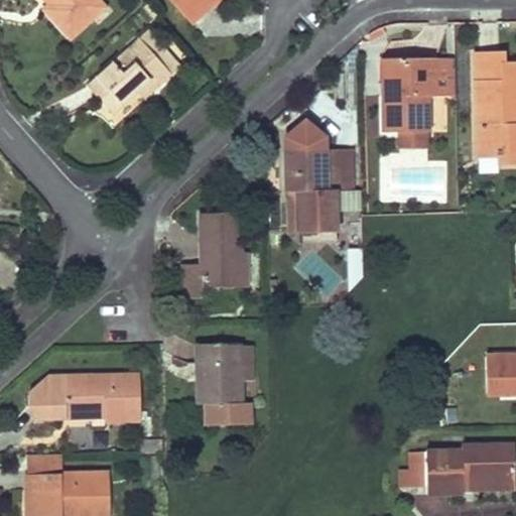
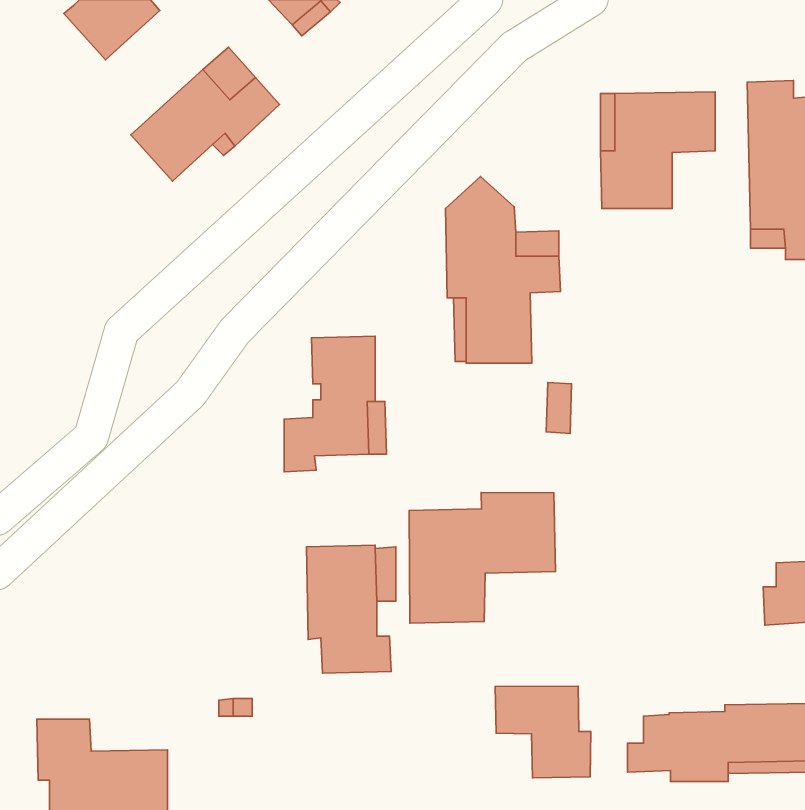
building: none -> [409,493,556,623]
building: [27,375,140,420] -> none
building: none -> [495,686,591,778]

